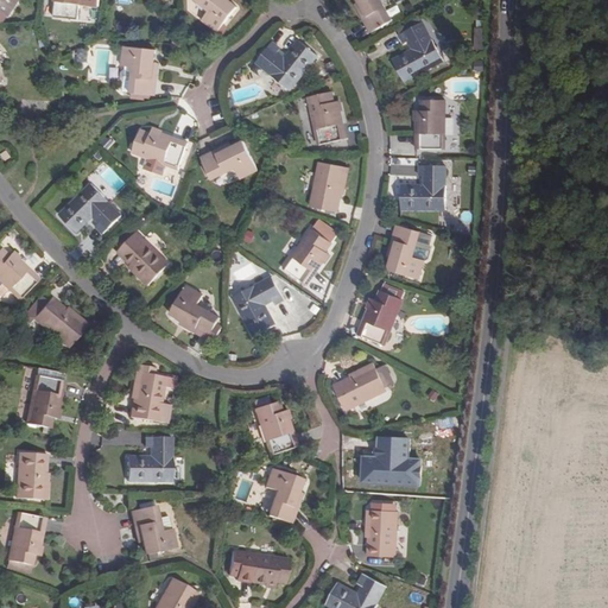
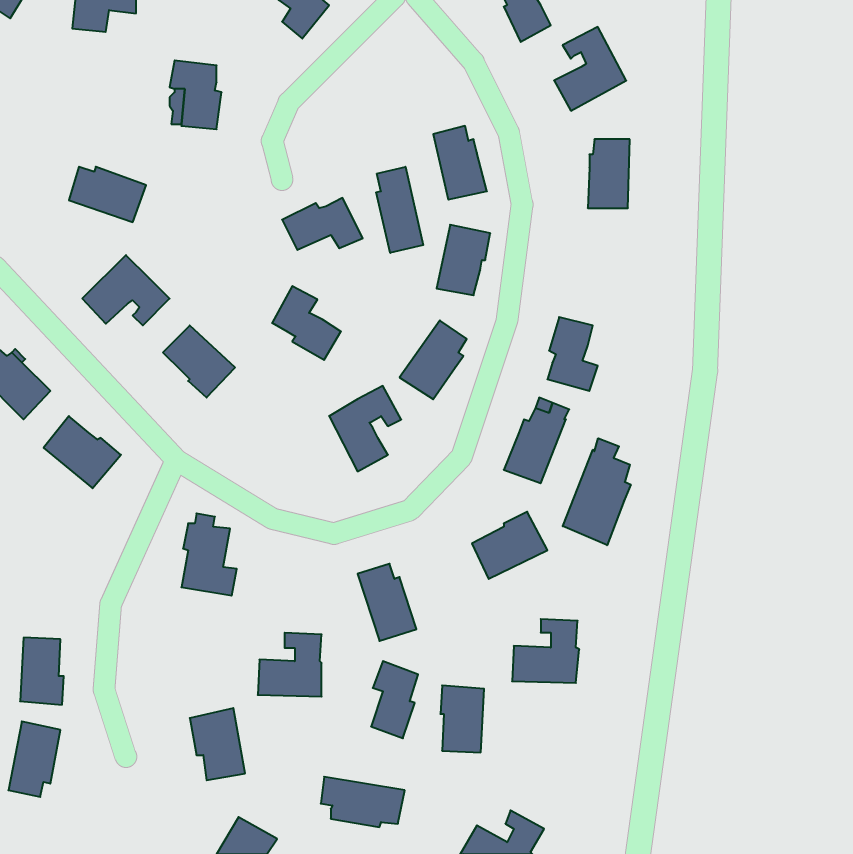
building: [254,38,315,88] -> none
building: none -> [376,167,423,253]
building: [132,127,186,166] -> [69,167,146,222]
building: [400,163,445,207] -> none
building: [170,284,218,336] -> [272,286,341,360]
building: none -> [563,438,631,545]
building: [24,375,61,426] -> none
building: [126,437,171,482] -> [258,633,322,697]
building: [366,508,397,556] -> [440,685,484,752]

